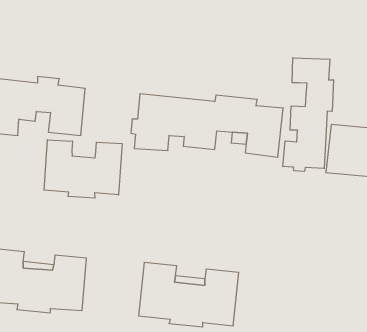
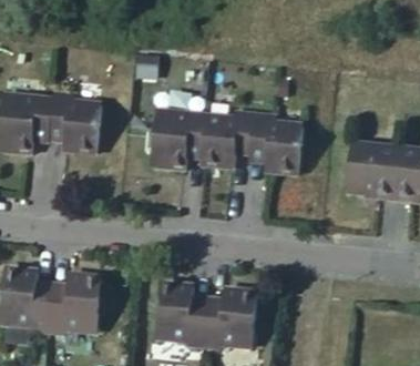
building: [283,58,333,171] -> none
building: [44,140,122,198] -> none

